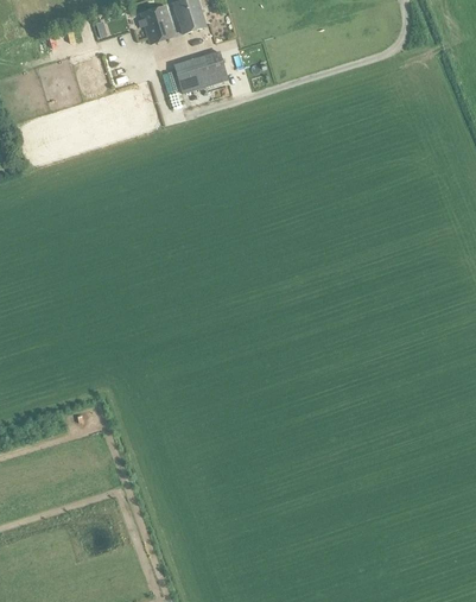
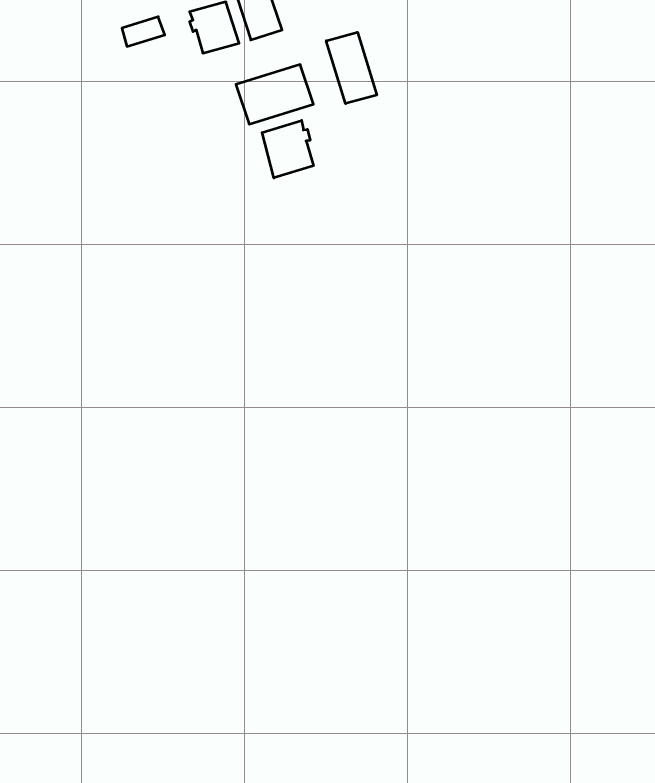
building: none -> [326,32,377,104]
building: none -> [262,120,313,178]

